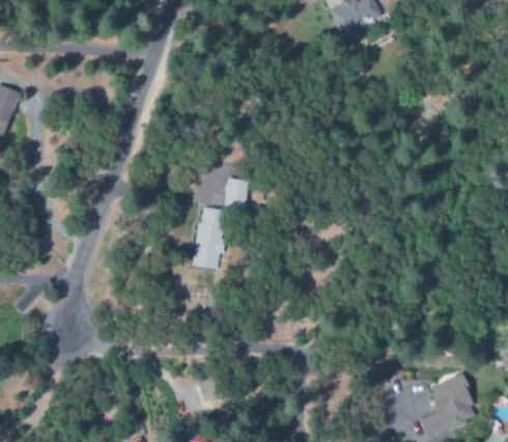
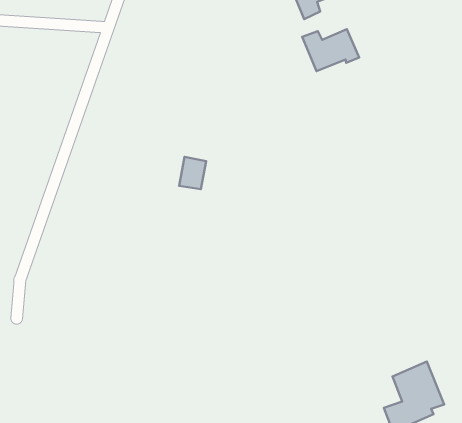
building: none -> [302,29,359,71]
building: [193,206,226,269] -> none

